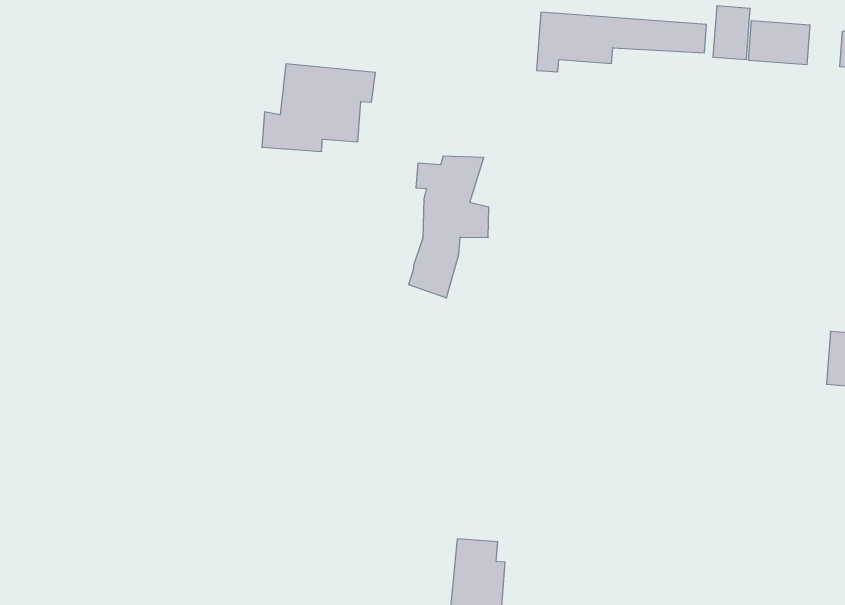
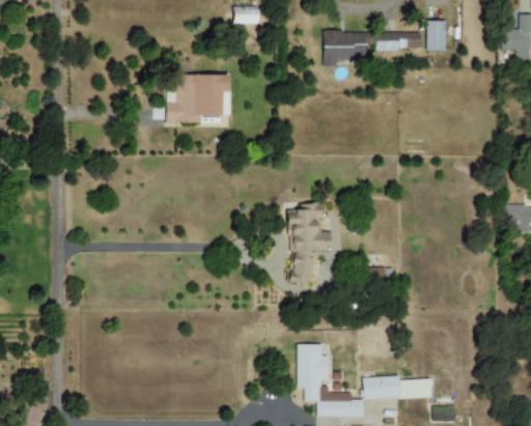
building: [748,20,810,65] -> none
building: [409,156,489,298] -> [287,203,332,287]

